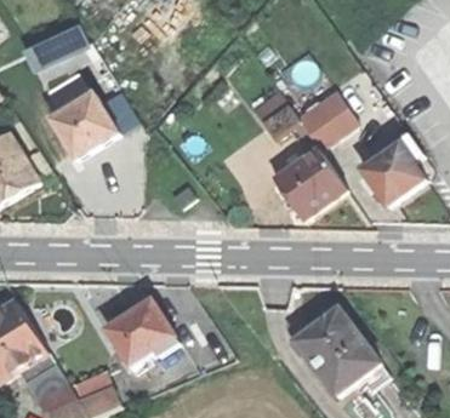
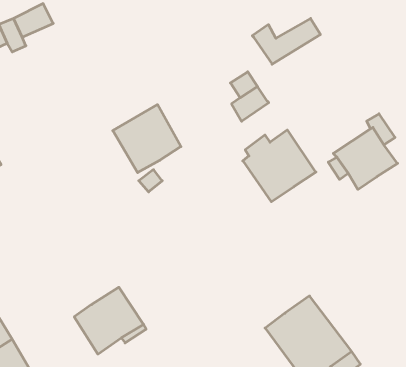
building: [51,91,118,158] -> [113,105,181,173]
building: [297,101,364,145] -> [252,18,320,64]

